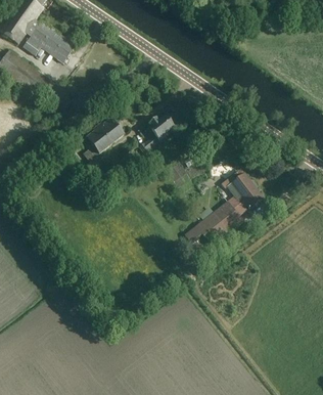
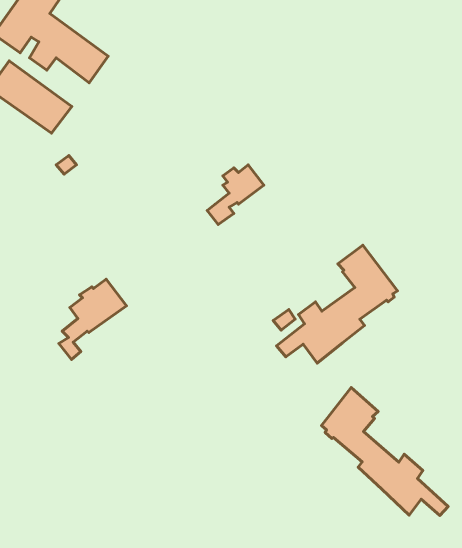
building: [81,119,125,171] -> [59,279,127,359]
building: none -> [321,387,448,516]

